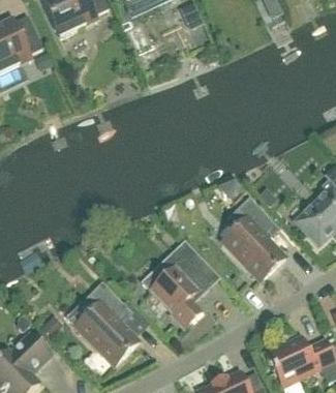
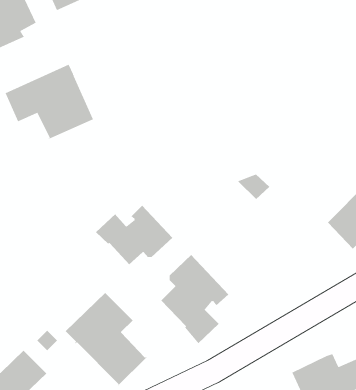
building: none -> [5,64,96,140]
building: [221,198,285,280] -> none
building: none -> [95,205,173,265]

